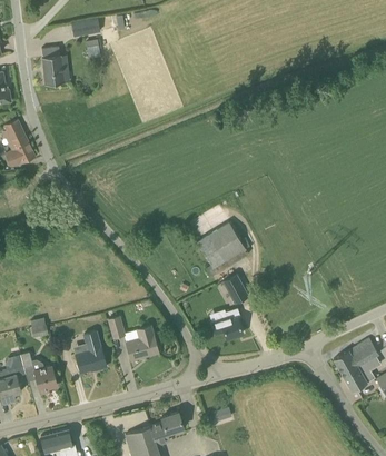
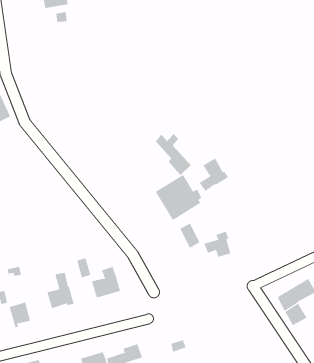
building: [42,46,63,85] -> none
building: none -> [155,133,191,176]
building: none -> [199,158,229,192]
building: [211,308,243,338] -> [203,231,231,257]

